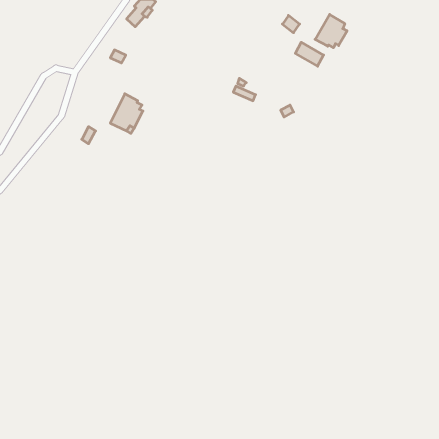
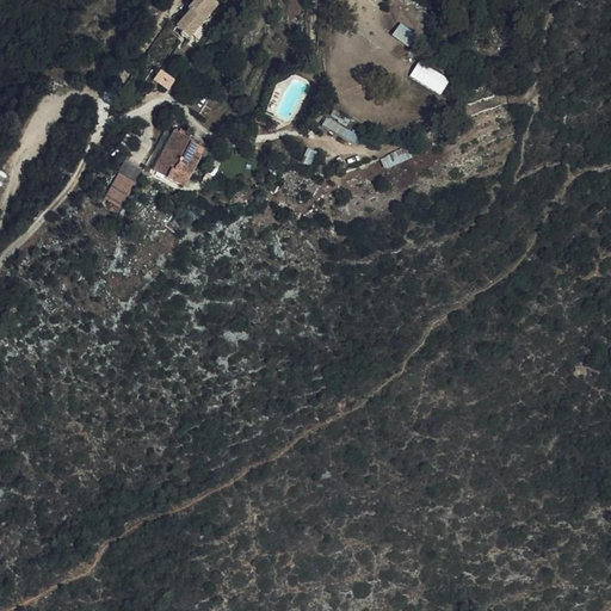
building: [315,14,347,48] -> none

